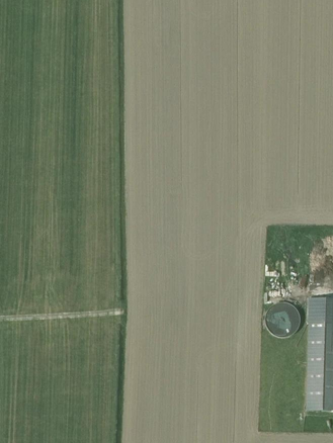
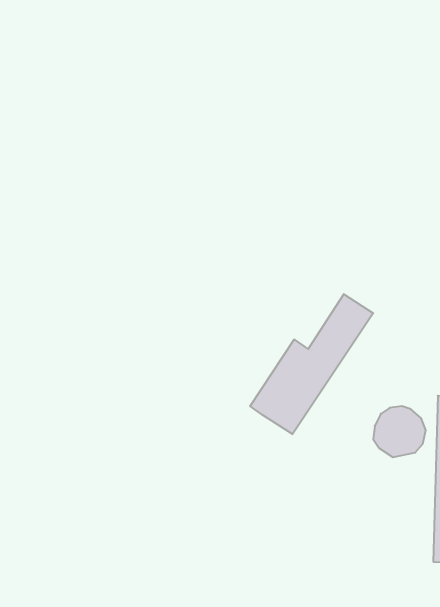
building: none -> [250,294,373,434]

